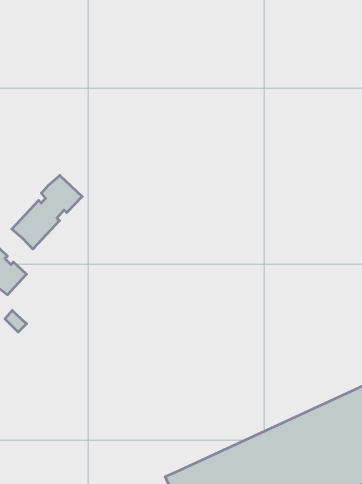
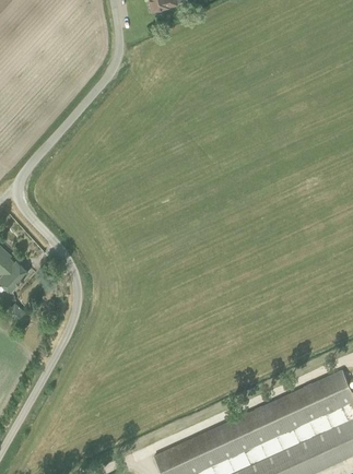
building: [12,175,82,249] -> none

